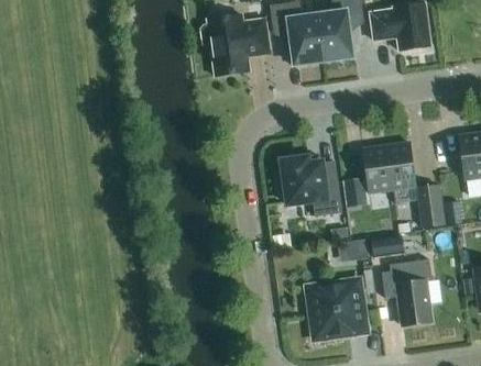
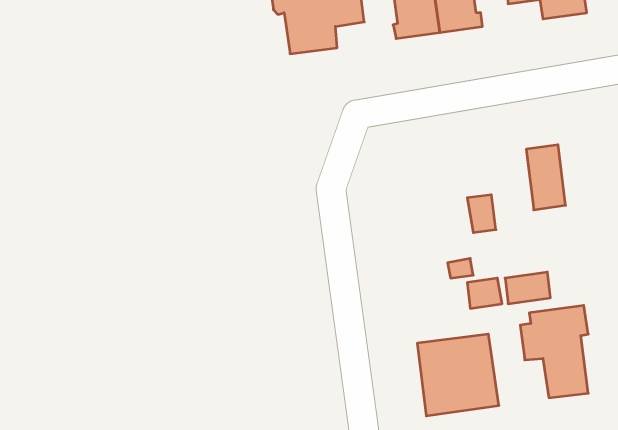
building: [362,145,392,192] -> none
building: [278,157,342,215] -> none
building: [416,185,444,226] -> none

